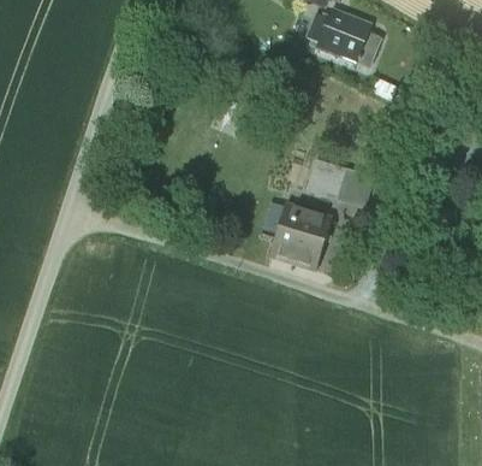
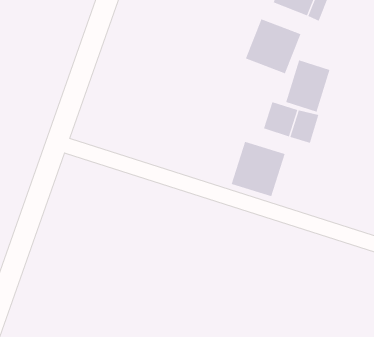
building: none -> [245,18,301,74]
building: none -> [286,60,330,113]

